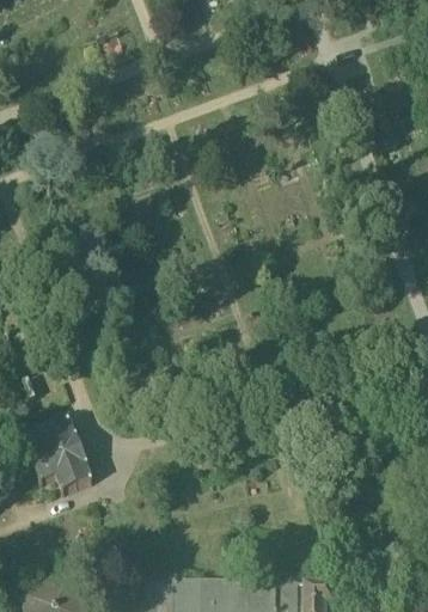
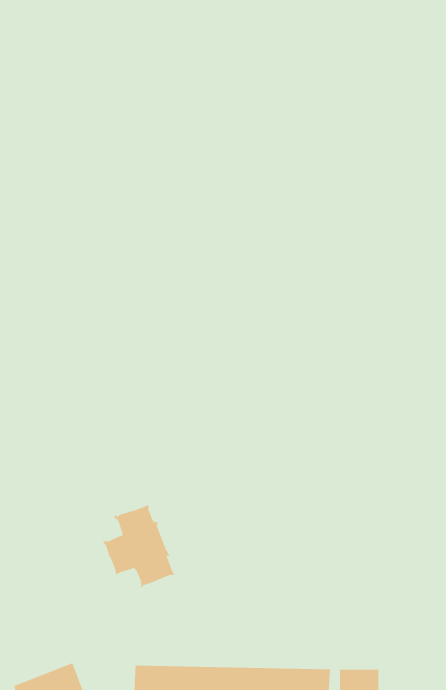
building: [30,428,93,501] -> [102,504,175,588]

